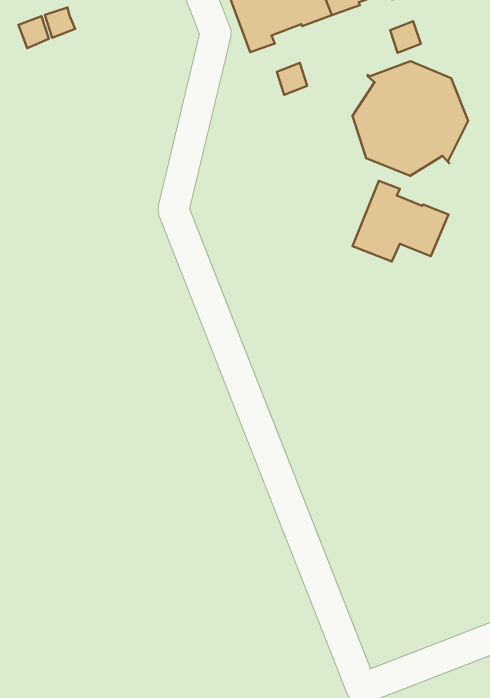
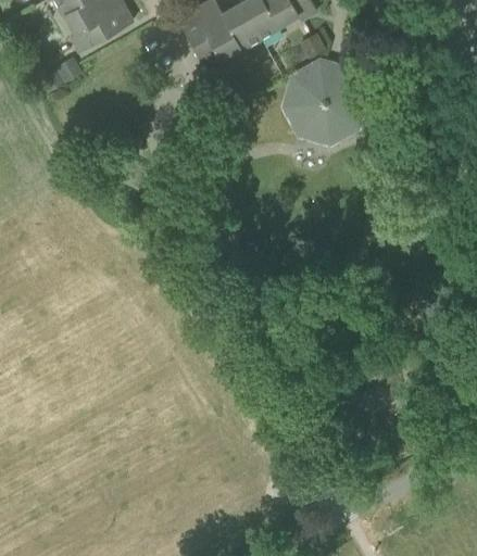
building: [353,181,449,261] -> none

